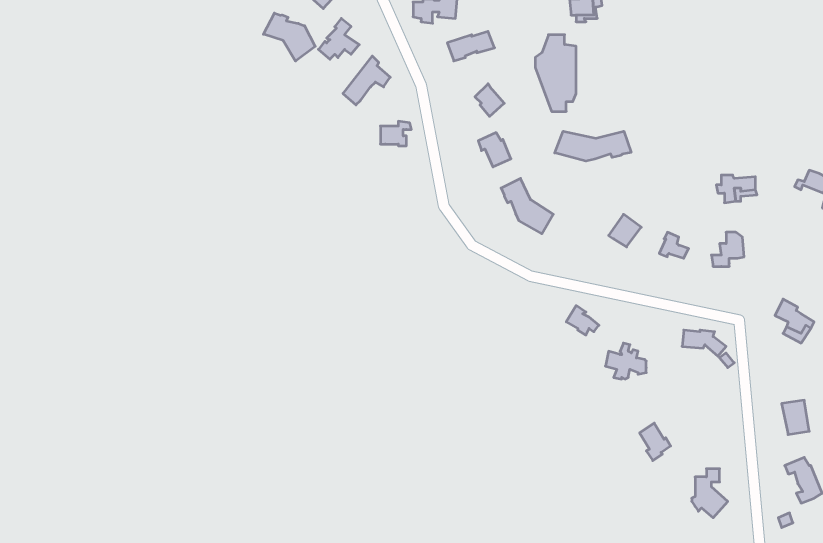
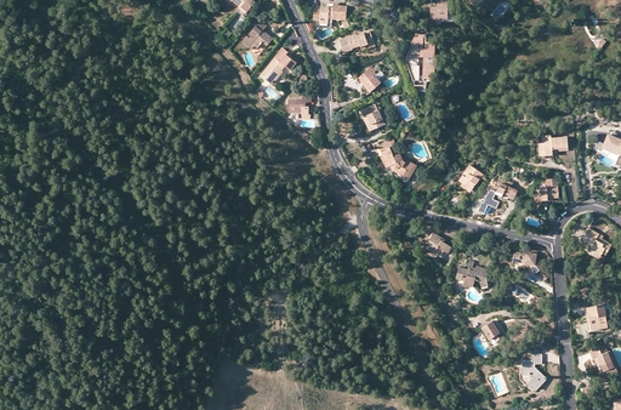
building: [263,13,315,61] -> none
building: [555,131,631,161] -> none

